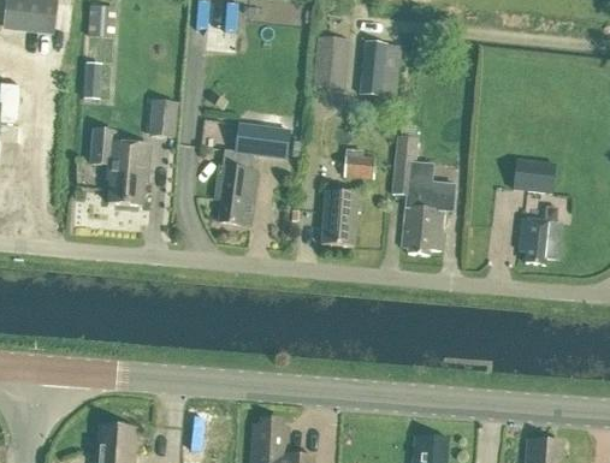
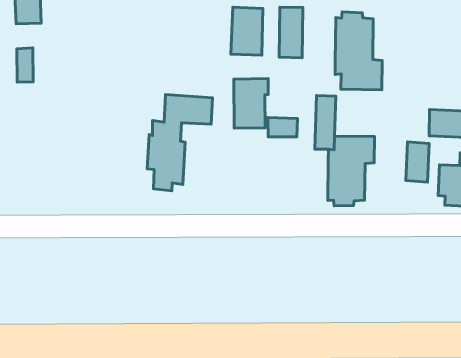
building: none -> [335,12,382,90]
building: [152,99,177,135] -> none
building: [88,127,150,204] -> none
building: none -> [406,142,429,182]
building: [321,191,361,245] -> [234,79,268,128]

